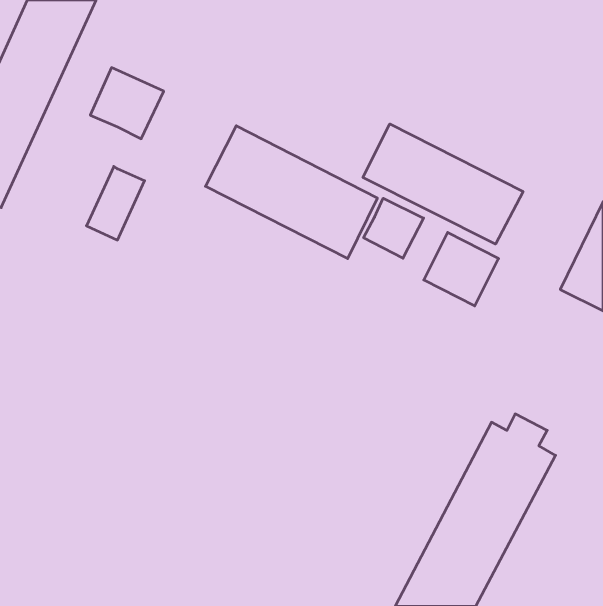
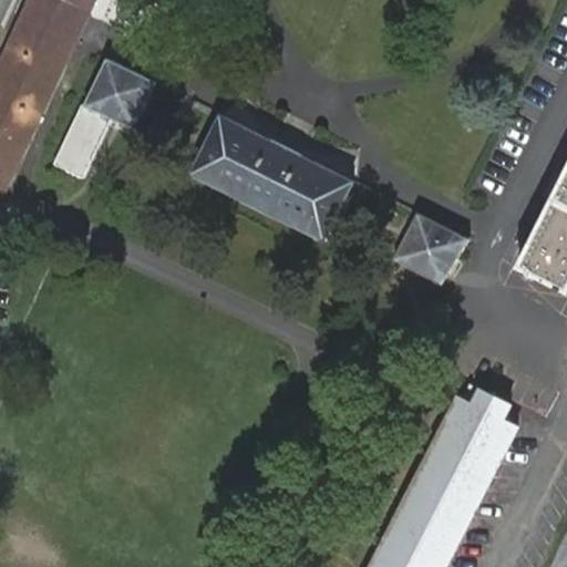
building: [363,124,523,244] -> none
building: [86,166,145,240] -> [55,105,110,174]
building: [364,198,424,258] -> none

